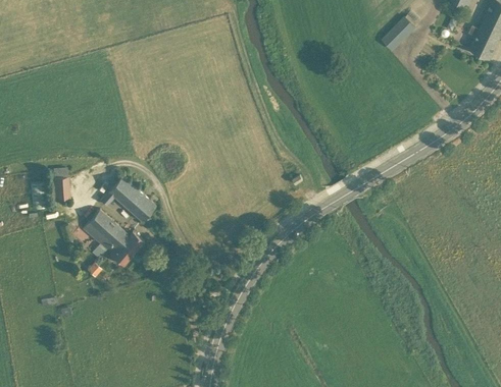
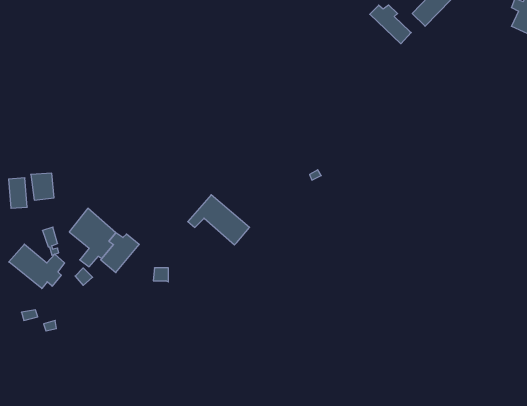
building: none -> [370,5,411,44]
building: [101,177,155,221] -> [188,195,250,245]
building: none -> [9,244,65,289]

